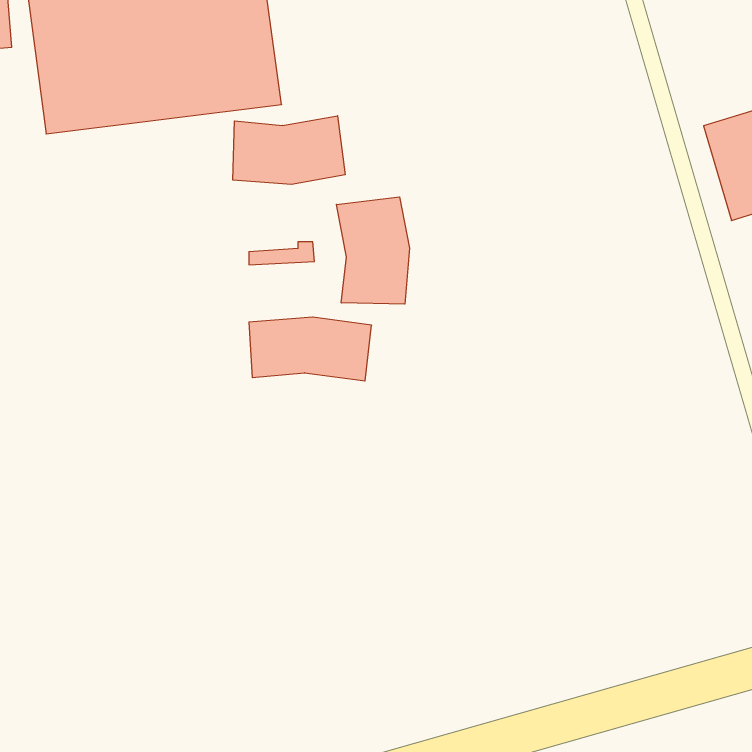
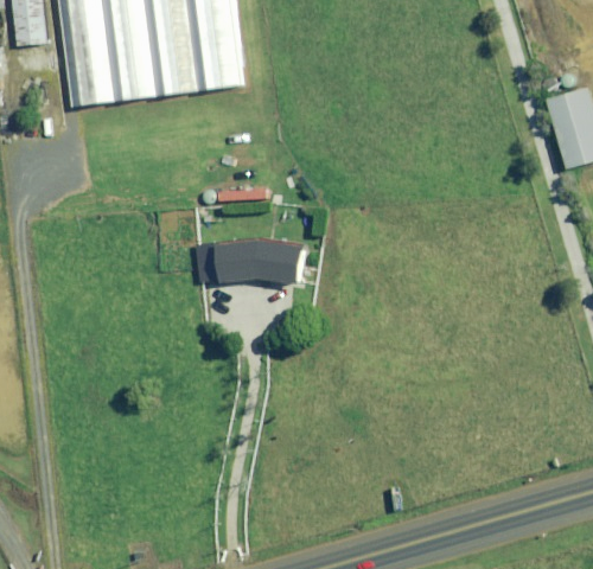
building: [233,116,345,184] -> none
building: [336,197,410,304] -> none

